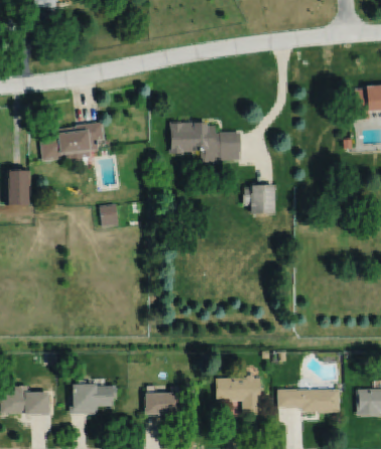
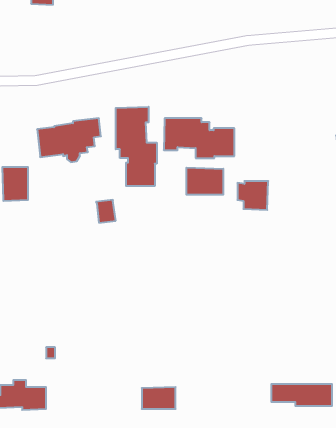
building: none -> [116,107,157,186]
building: none -> [186,168,223,195]
building: [215,377,260,416] -> none
building: [71,386,117,415] -> none

